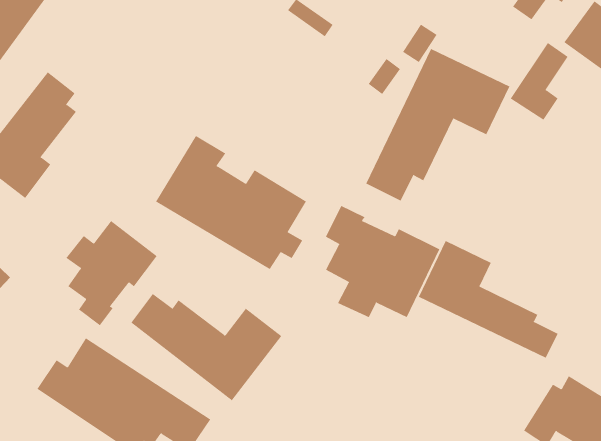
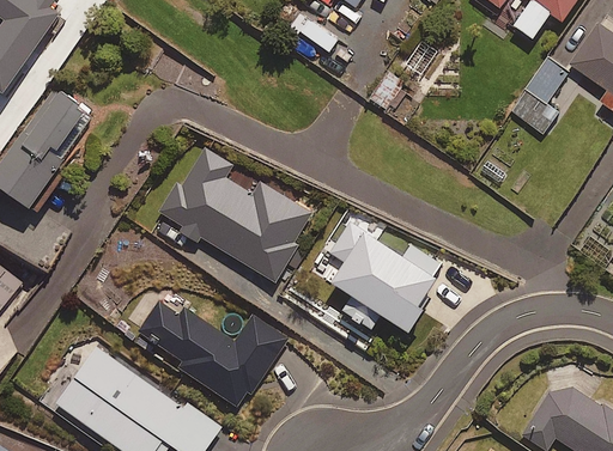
building: [366,48,510,202] -> none
building: [66,220,157,326] -> none
building: [418,240,559,359] -> none

